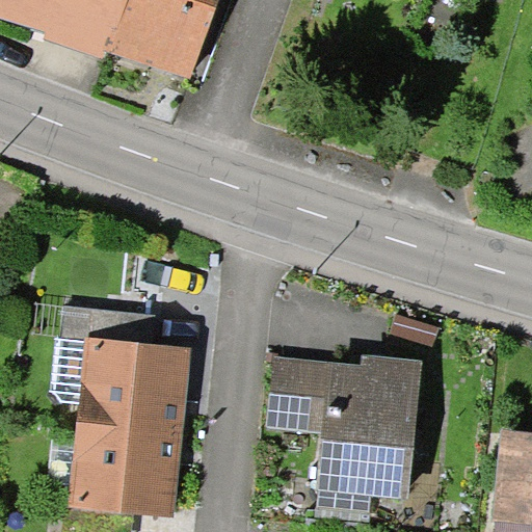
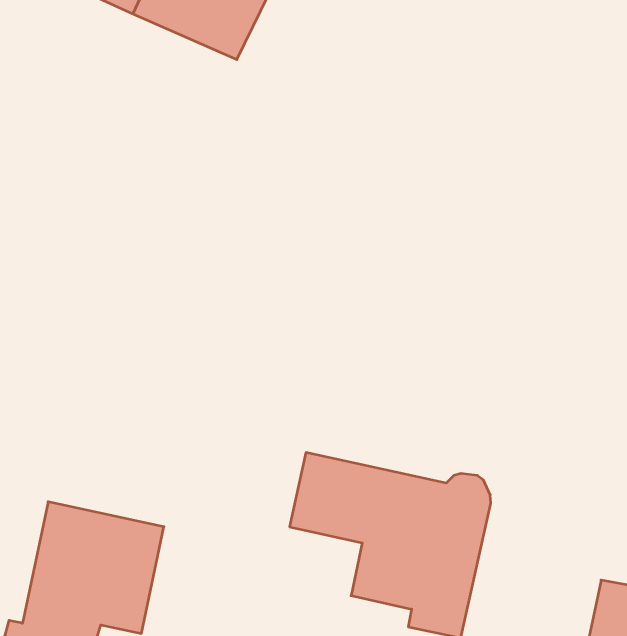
building: [60,310,180,434] -> none

